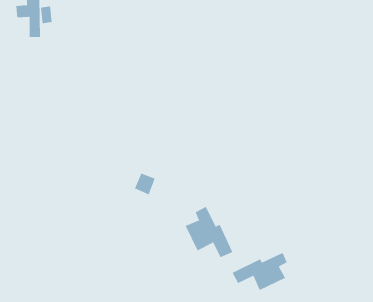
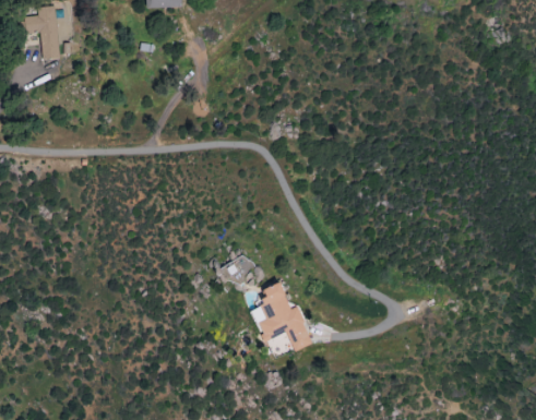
building: [134,173,156,195] -> [226,255,254,285]
building: [232,252,288,291] -> none

